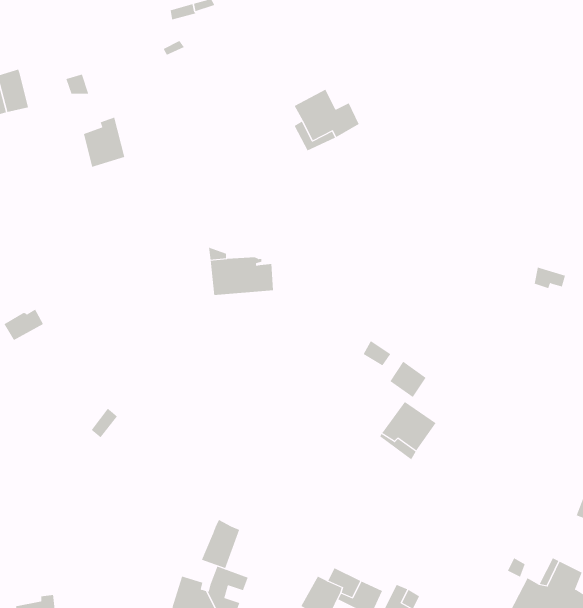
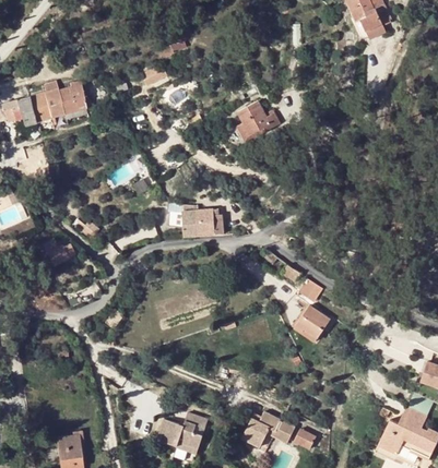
building: [83,117,125,167] -> [59,81,86,113]
building: [201,519,240,569] -> none

